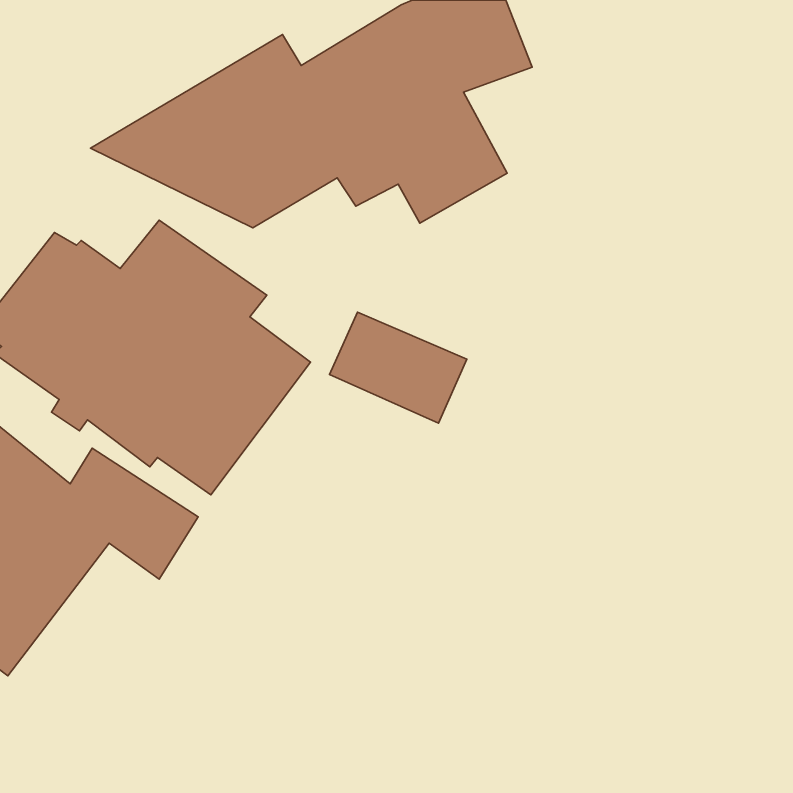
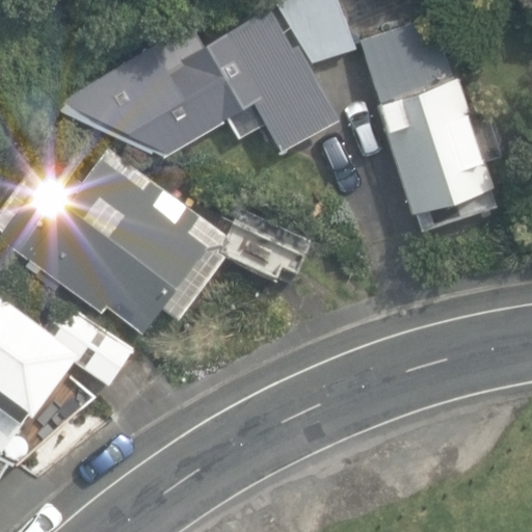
building: none -> [361,21,500,235]

